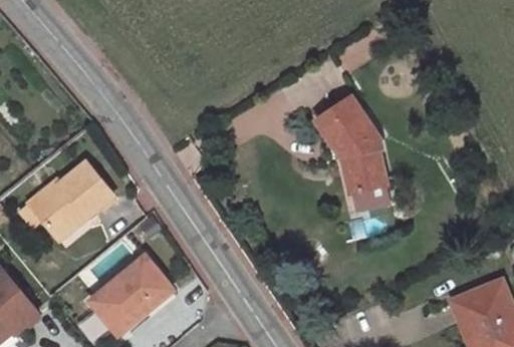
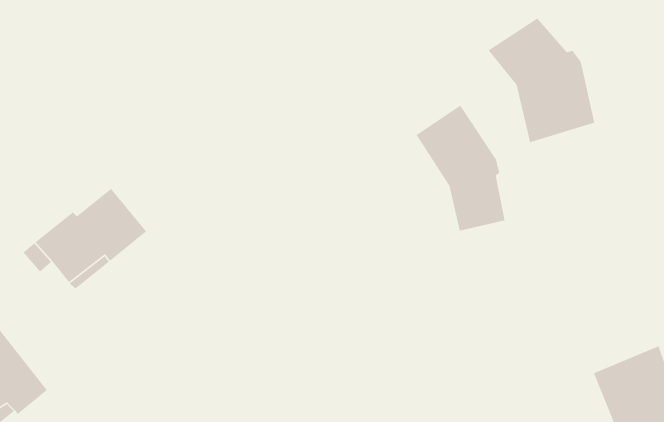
building: none -> [487,17,595,143]
building: [90,256,170,334] -> none

